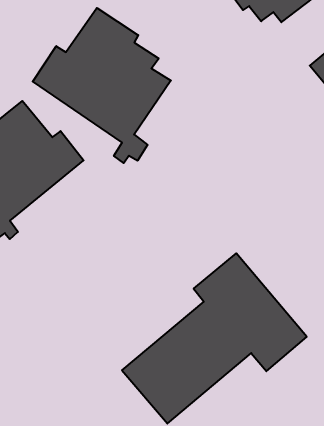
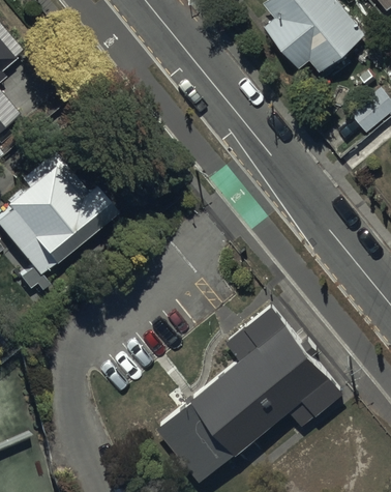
building: [33,8,171,163] -> none

